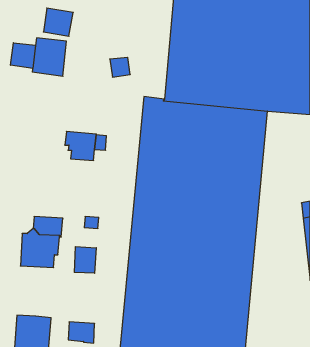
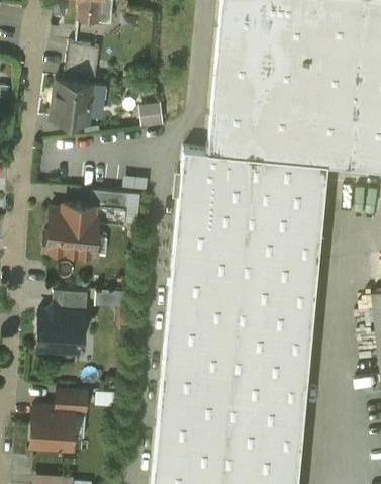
building: [11,43,36,68] -> none
building: none -> [42,203,97,255]
building: [74,247,96,273] -> none
building: [68,322,95,343] -> [55,388,86,413]

